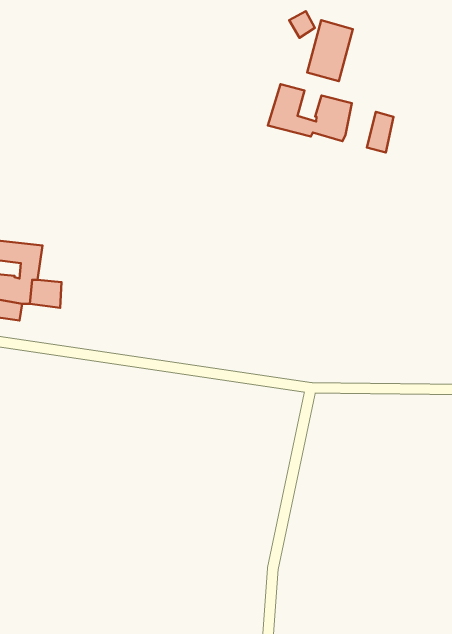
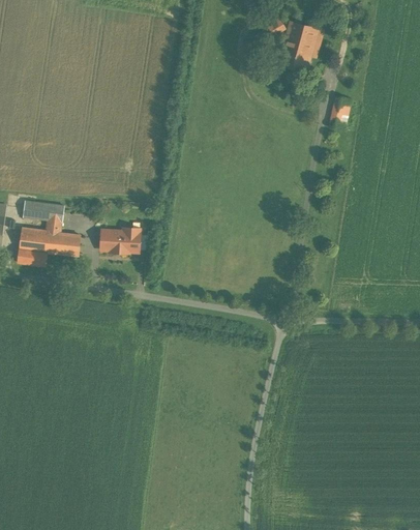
building: [268,84,352,141] -> none
building: none -> [101,228,141,253]

